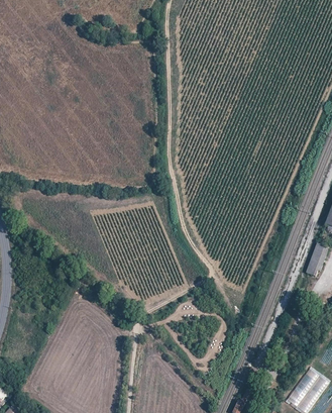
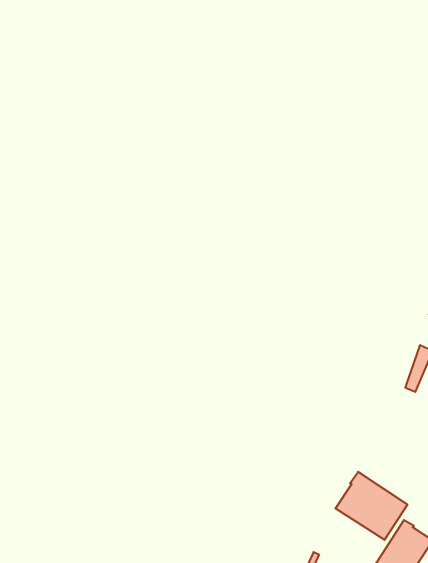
building: none -> [336,472,407,540]

